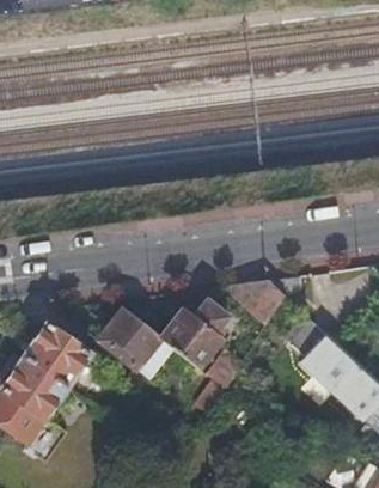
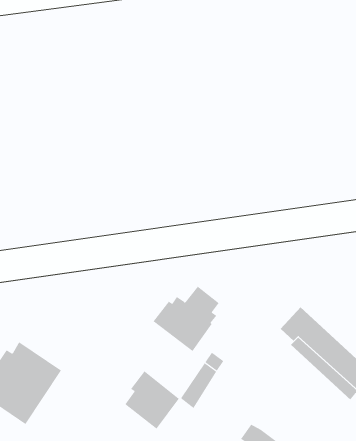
building: [224,281,285,325] -> none
building: [103,310,160,371] -> [124,370,180,430]
building: [22,327,87,389] -> none

